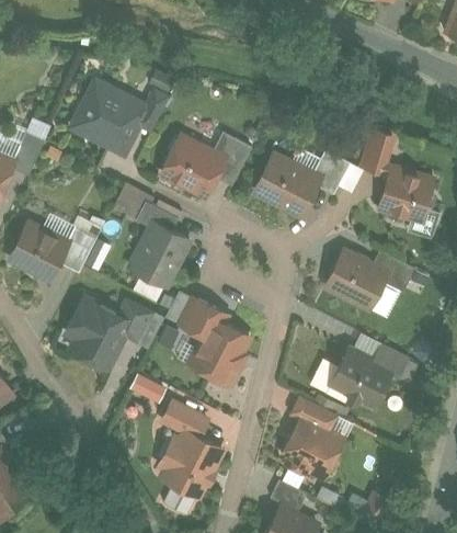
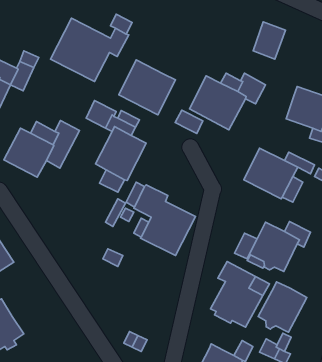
building: [358,128,401,178] -> [253,22,286,59]
building: [216,133,252,163] -> [175,110,203,133]
building: [60,296,153,374] -> none
building: [148,393,228,495] -> none
building: none -> [258,282,307,332]
building: [266,480,305,513] -> none

